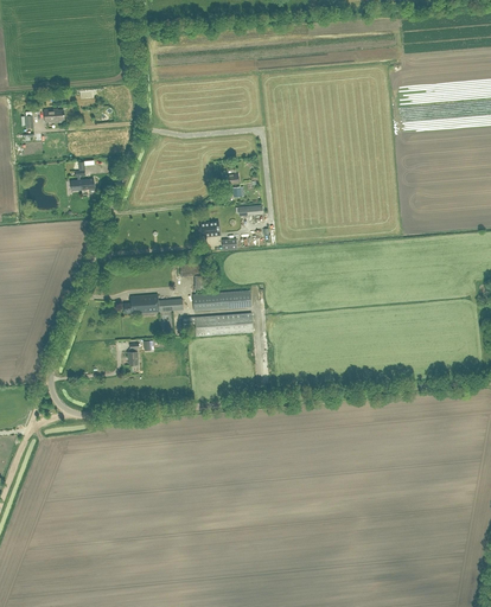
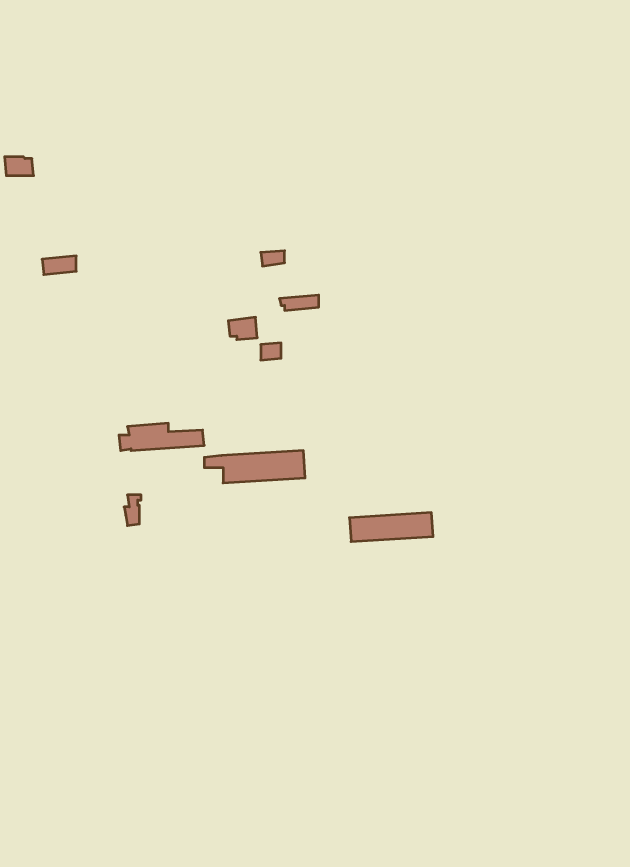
building: [192,290,250,311] -> [349,513,433,542]

